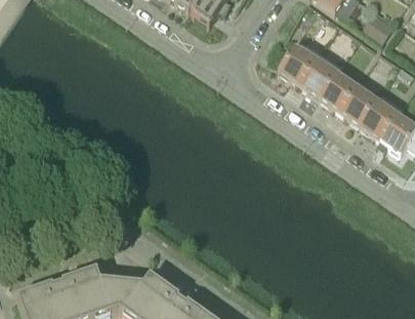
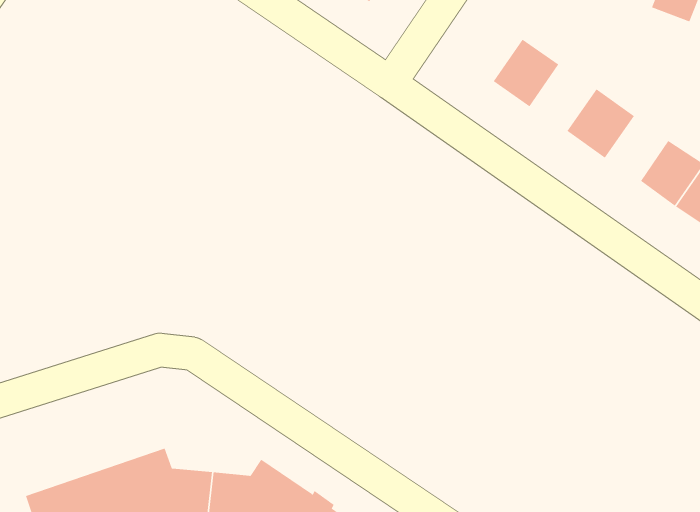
building: [297,58,334,95] -> none
building: [339,87,374,123] -> none

